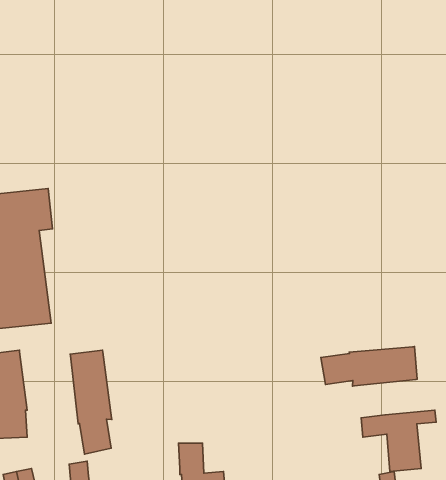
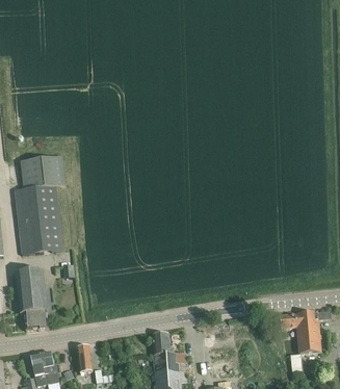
building: [321,347,417,386] -> none
building: [70,350,112,454] -> none

